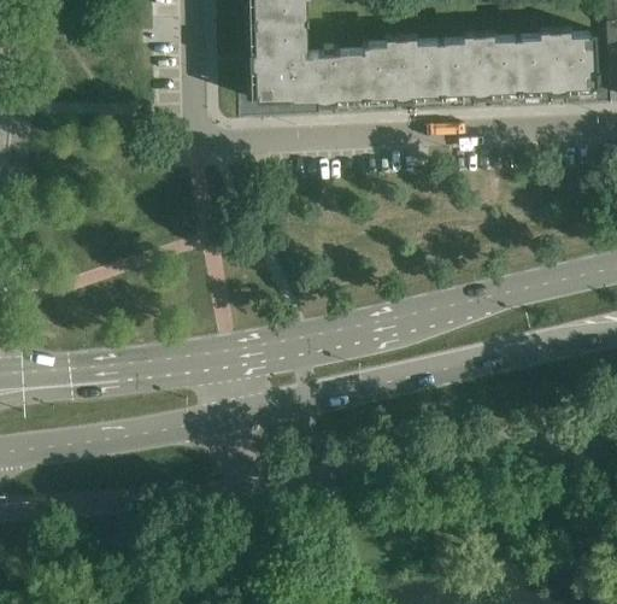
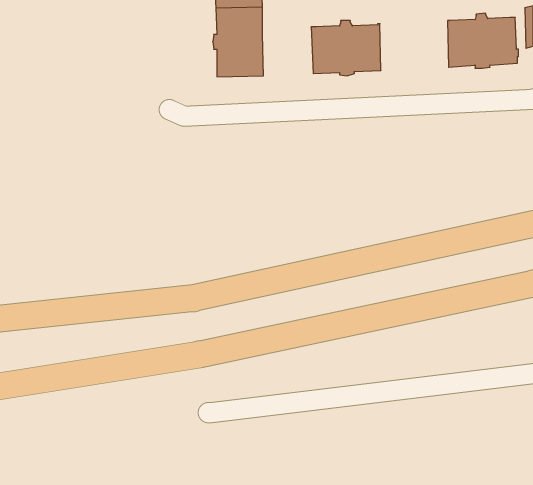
building: [439,35,517,98] -> none
building: [305,46,363,105] -> none

